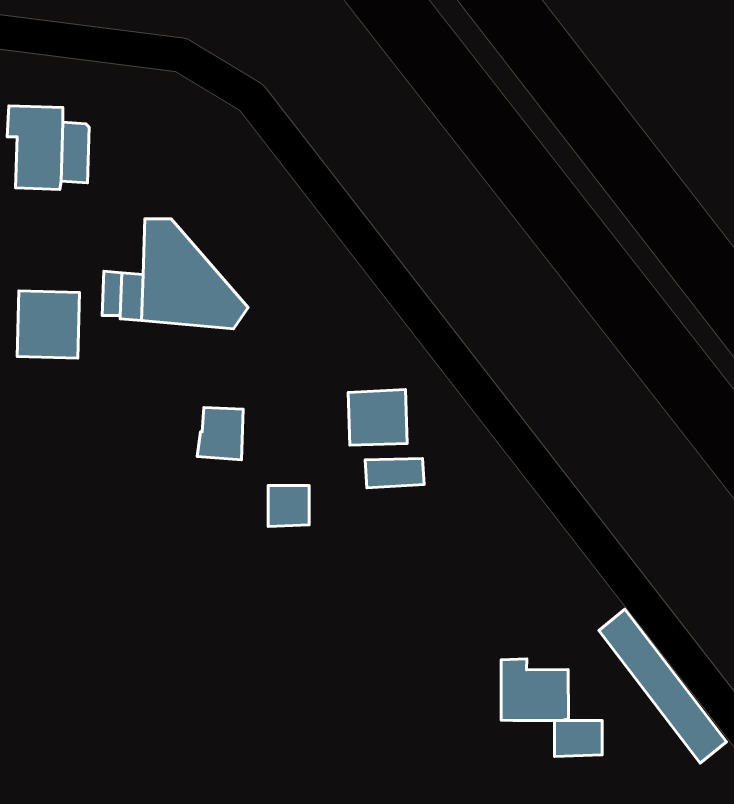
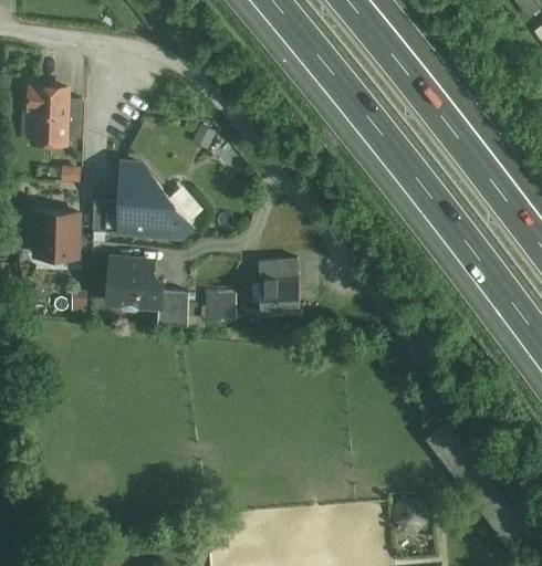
building: none -> [107,258,161,310]
building: [365,458,424,488] -> [257,260,296,280]
building: [268,486,309,527] -> [206,293,233,321]
building: [501,659,569,721] -> none

